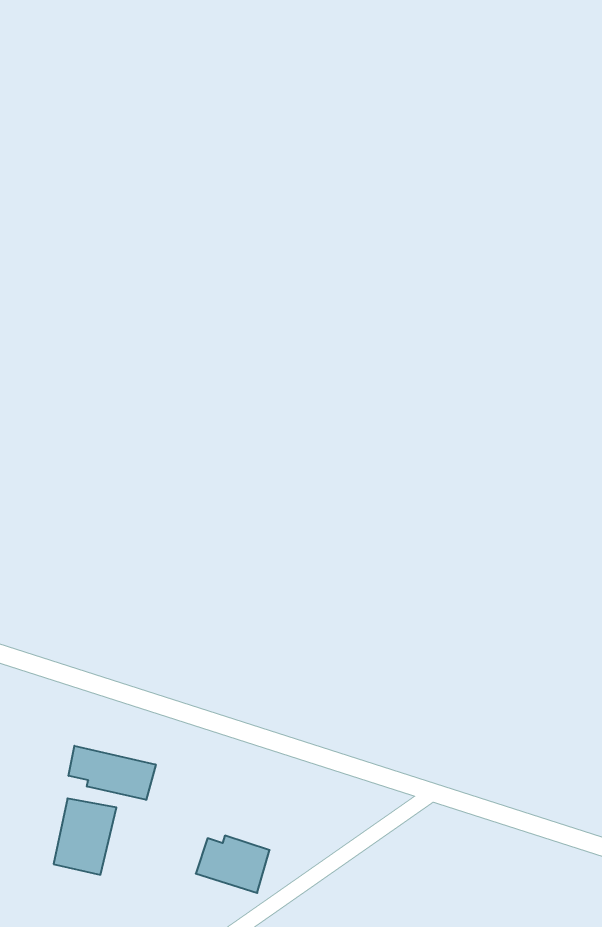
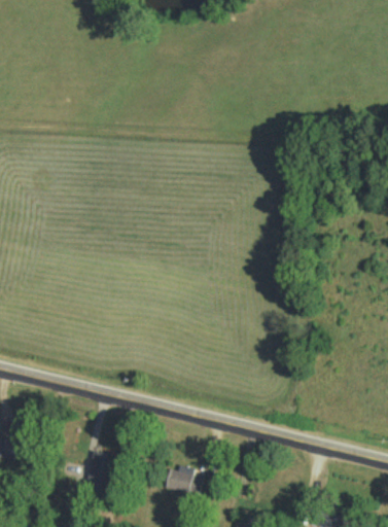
building: [69,746,156,800] -> none

